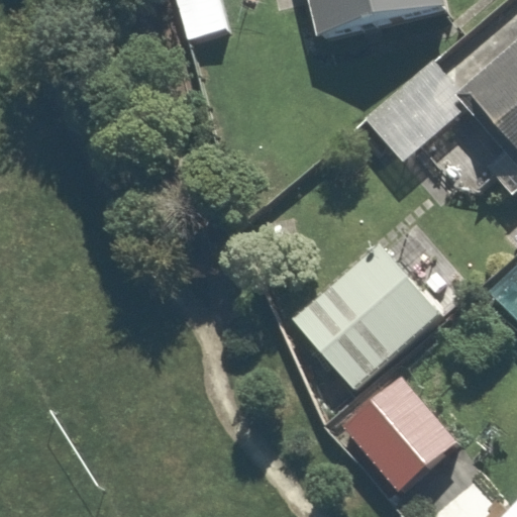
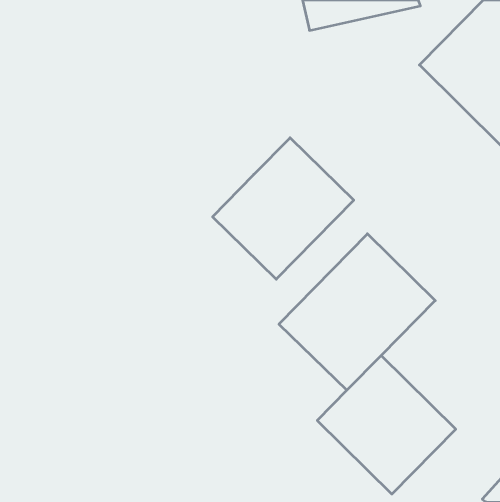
building: none -> [213,138,354,279]

